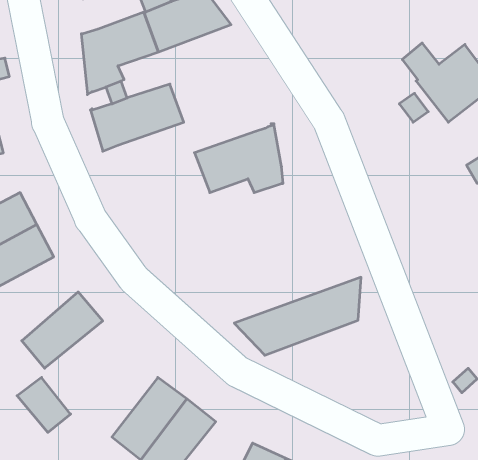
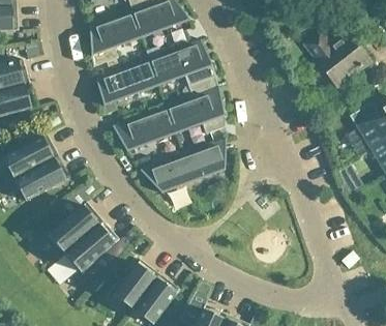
building: none -> [145,39,215,86]
building: none -> [111,107,175,151]
building: [234,277,361,355] -> [140,140,226,192]
building: none -> [63,220,138,285]

